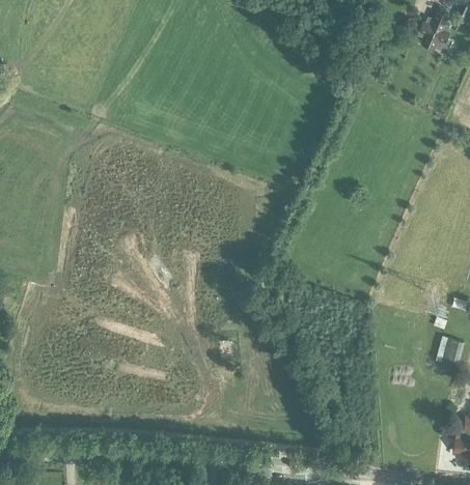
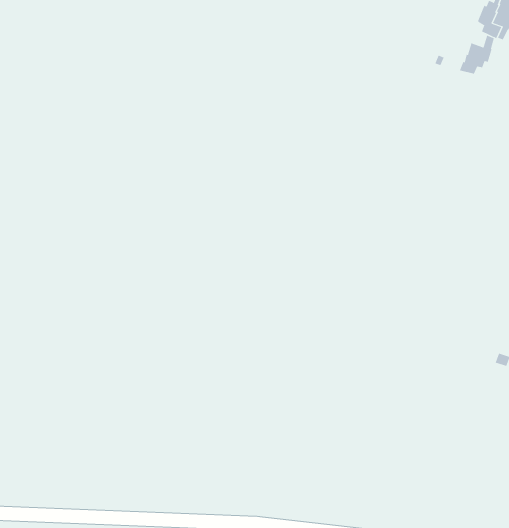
building: none -> [459,35,494,75]

